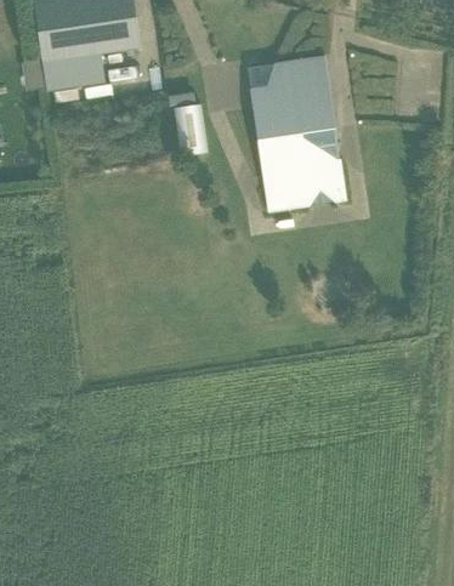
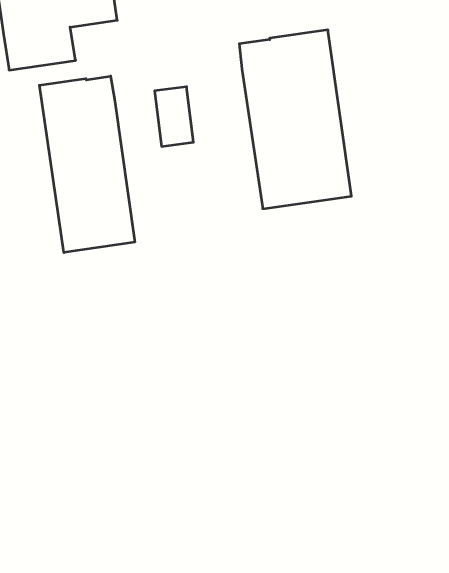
building: none -> [39,76,135,253]

